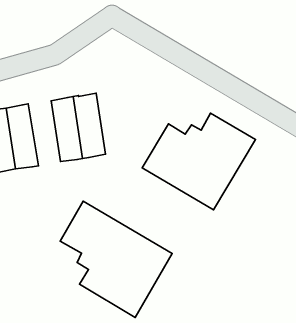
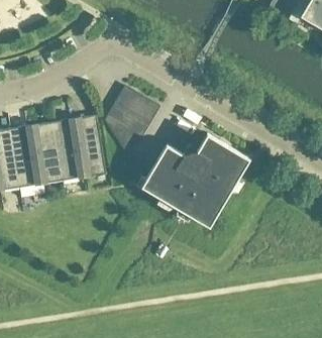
building: none -> [103,94,157,157]
building: none -> [31,122,63,185]
building: [60,201,172,317] -> none

